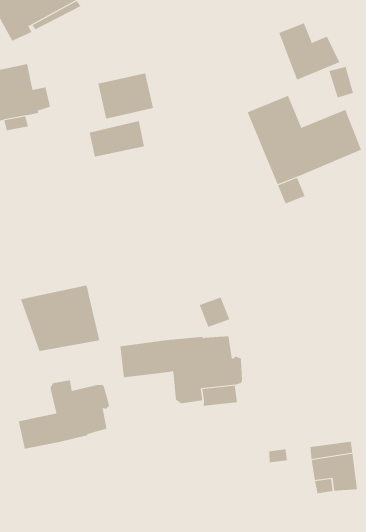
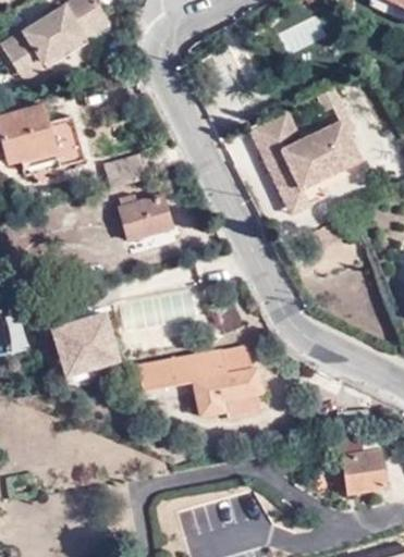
building: [279,23,340,80] -> none
building: [97,73,154,119] -> [120,195,174,240]
building: [18,379,110,450] -> none

